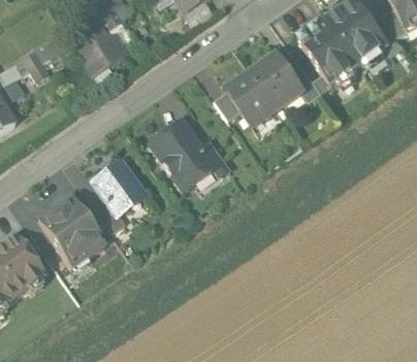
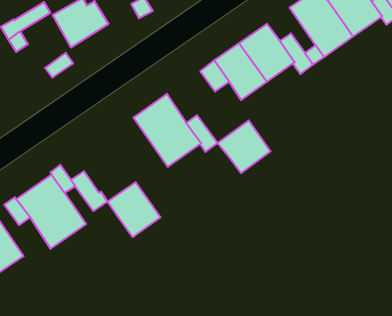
building: none -> [217,120,271,173]
building: [93,161,143,213] -> [108,182,160,237]

